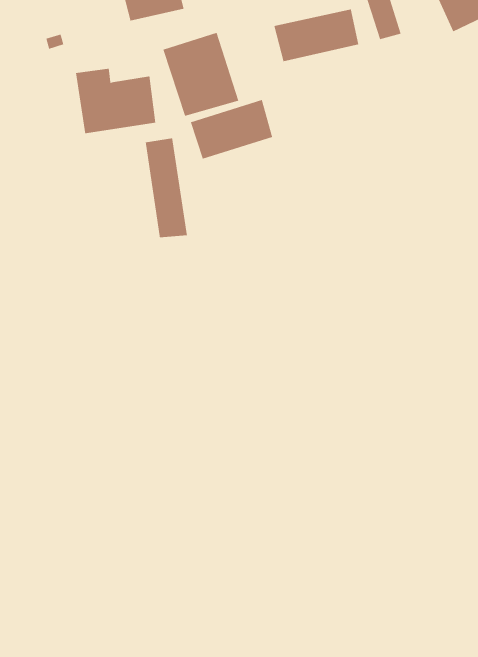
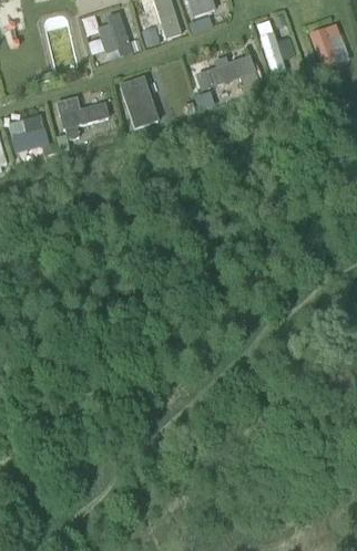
building: none -> [8,115,48,162]
building: [190,99,273,159] -> none
building: [145,137,188,238] -> none

